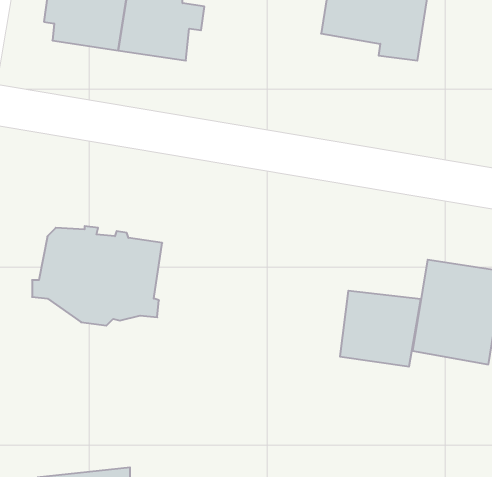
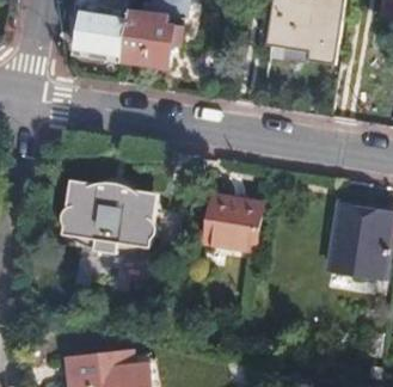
building: [340,291,421,367] -> [204,197,262,251]

